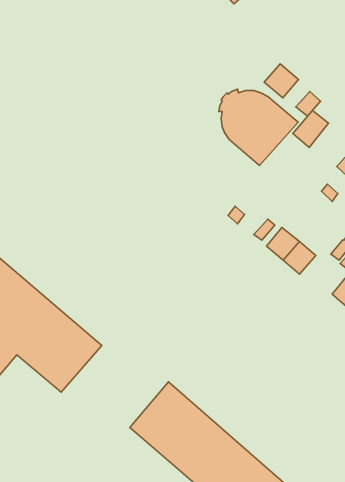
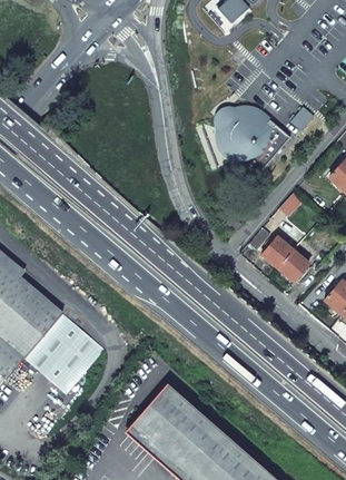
building: [264,64,299,98] -> none
building: [293,110,328,148] -> none

